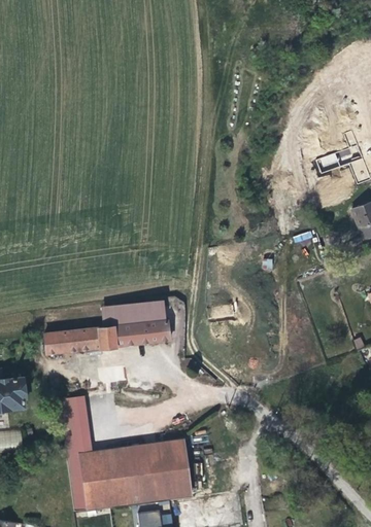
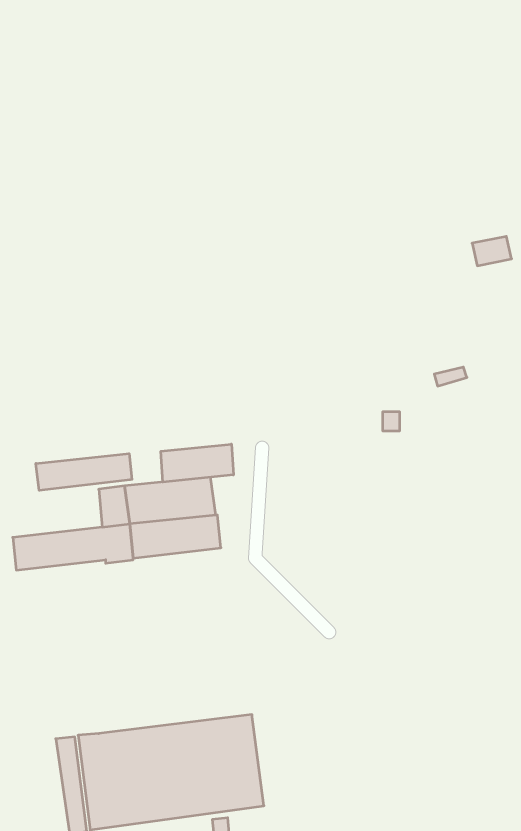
building: none -> [161,444,233,482]
building: none -> [36,454,132,490]
building: [62,394,96,454] -> none

